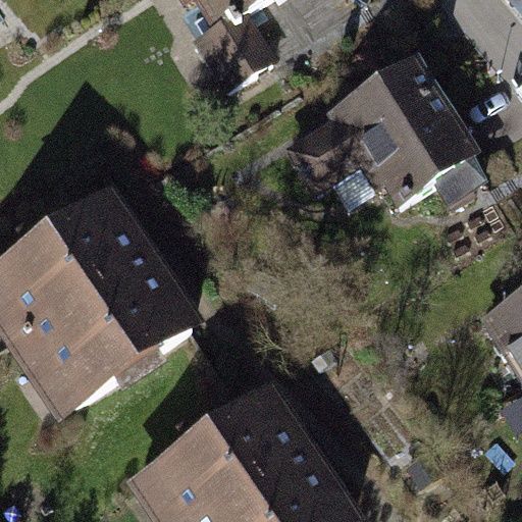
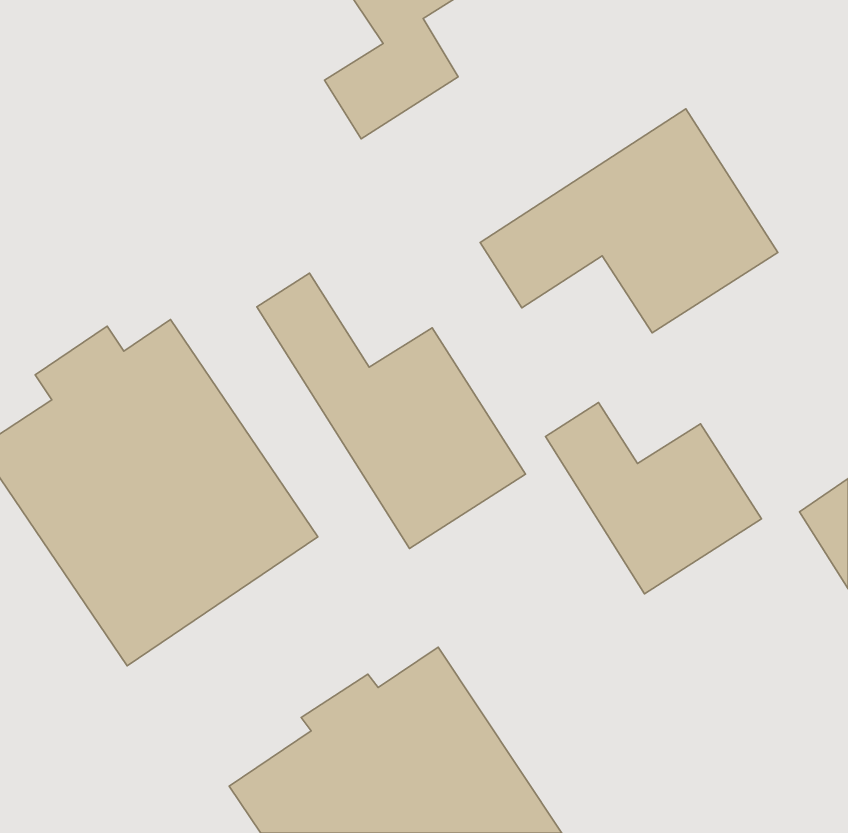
building: none -> [257,273,526,548]
building: none -> [546,402,761,594]

